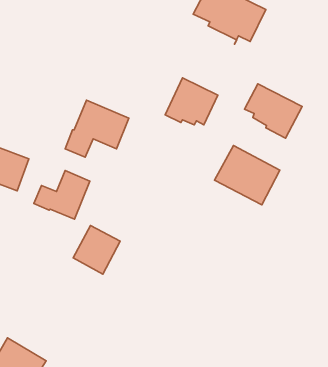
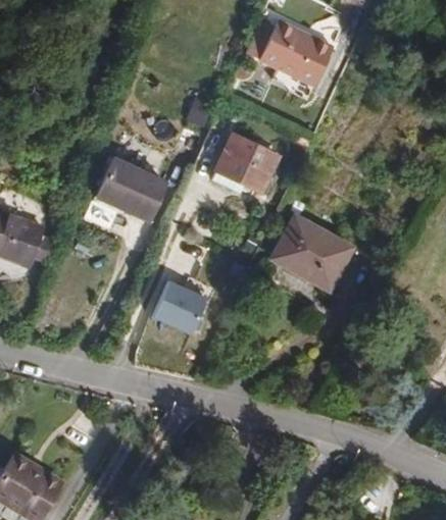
building: [244,84,302,138] -> none
building: [34,171,90,219] -> none
building: [73,226,120,274] -> [150,271,208,331]

